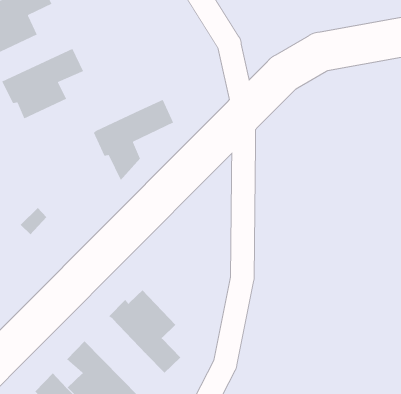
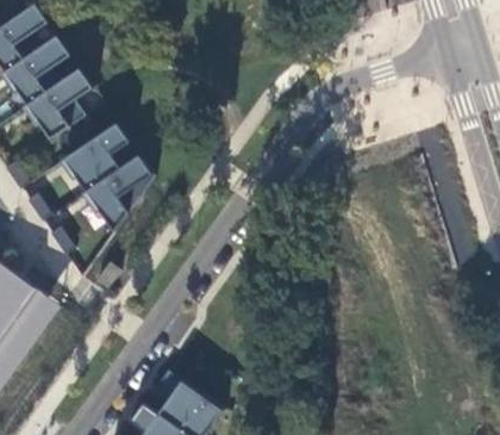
building: [93,99,174,181] -> [83,153,152,230]
building: [108,290,181,374] -> none

